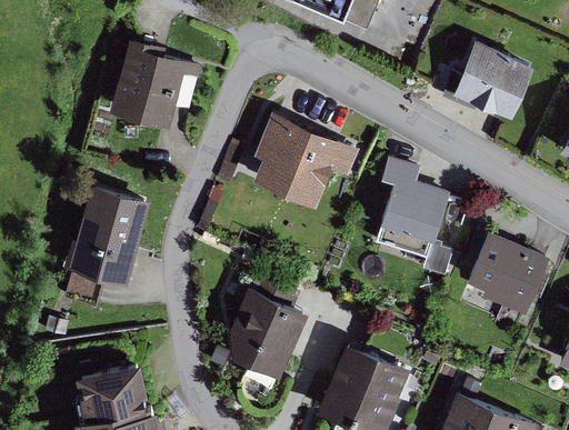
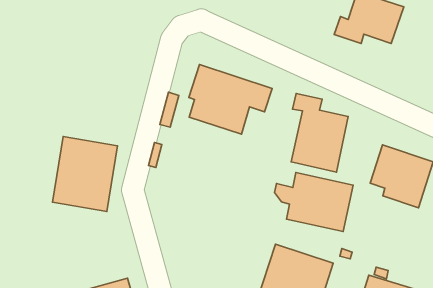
building: [107,41,201,131] -> none
building: none -> [275,172,353,231]
building: [228,278,306,377] -> none

